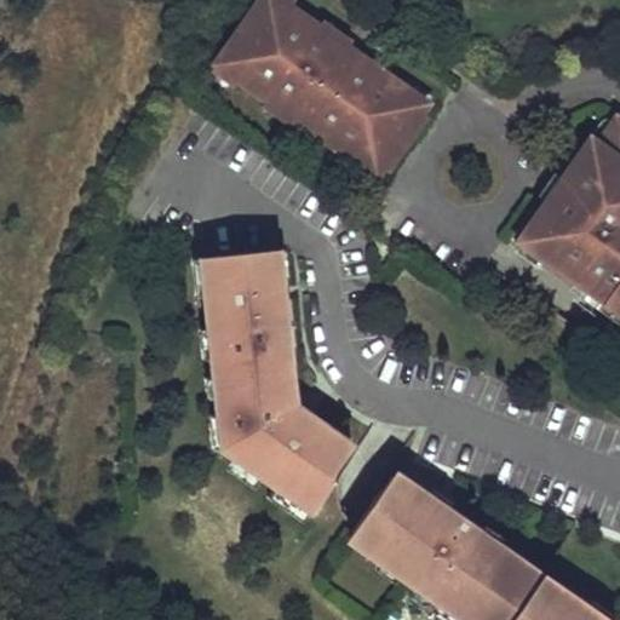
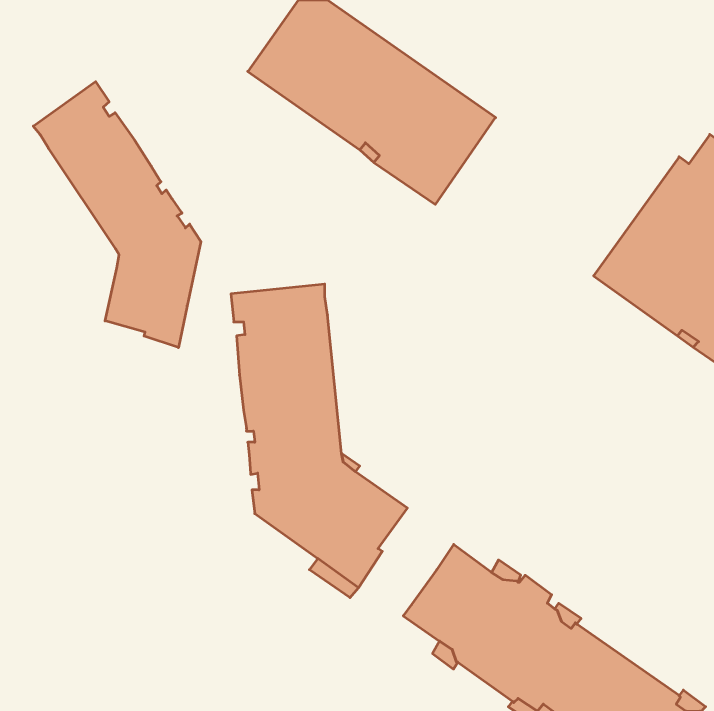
building: none -> [33,82,201,348]

